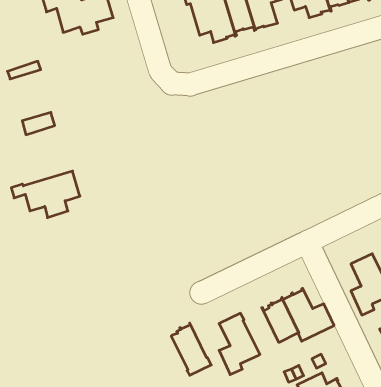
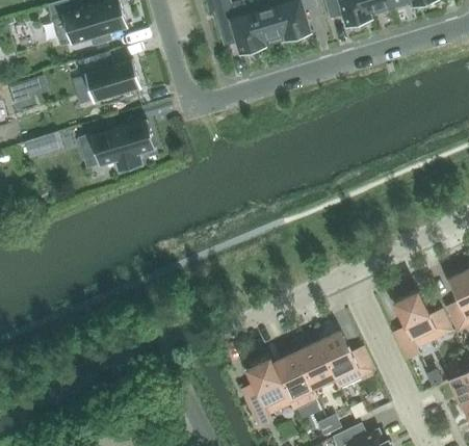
building: none -> [78,51,141,101]
building: [11,171,80,218] -> [79,120,156,172]
building: [171,323,211,375] -> [273,350,318,409]

